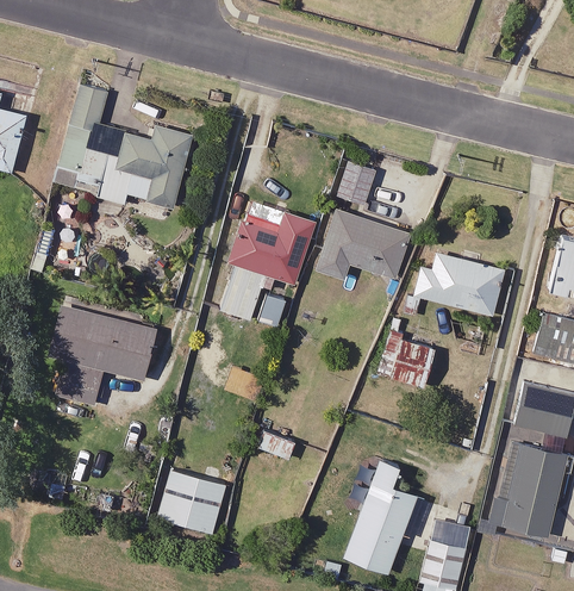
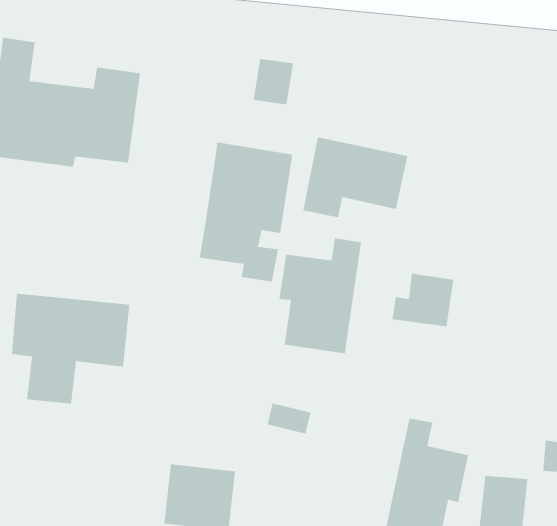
building: [337,163,376,206] -> [253,58,294,105]
building: [405,253,505,318] -> none
building: none -> [279,238,362,354]

